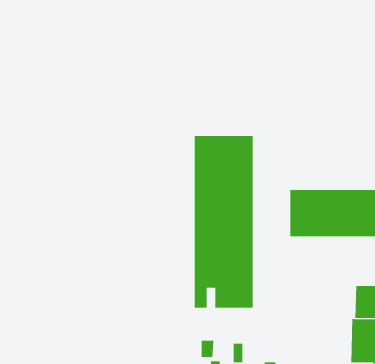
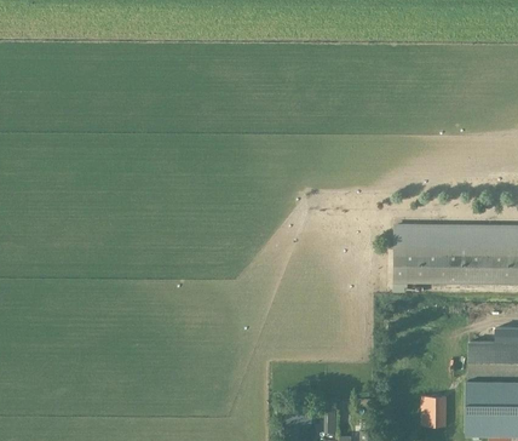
building: [194,135,253,308] -> none
building: none -> [422,395,447,425]

